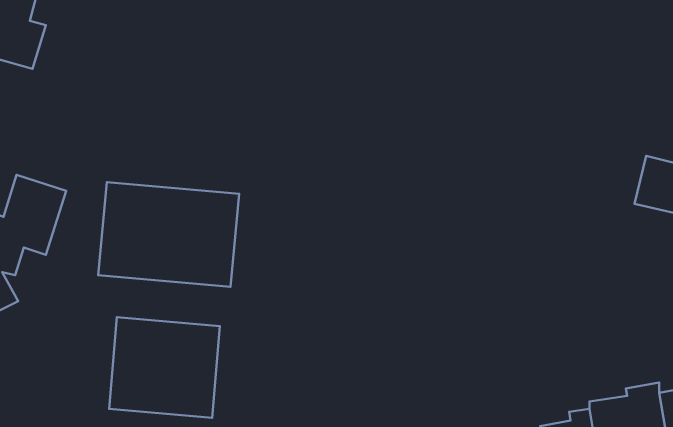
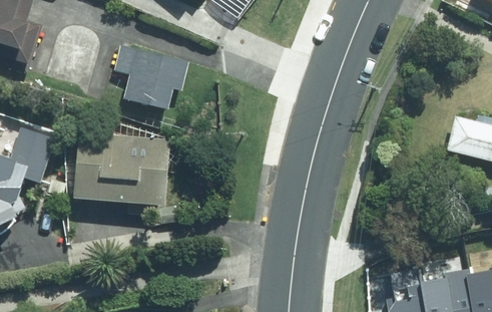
building: none -> [114,44,190,108]
building: [109,317,220,418] -> none

